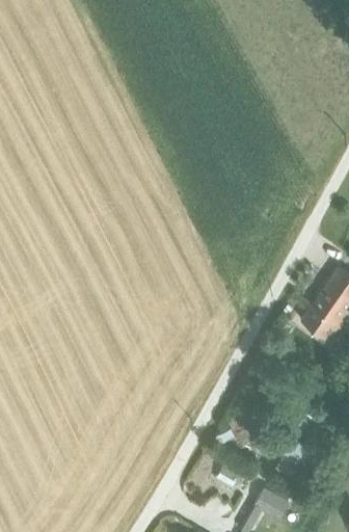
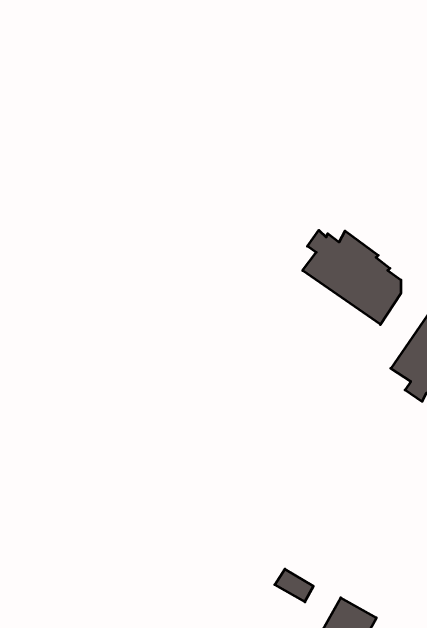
building: none -> [303,230,401,325]

